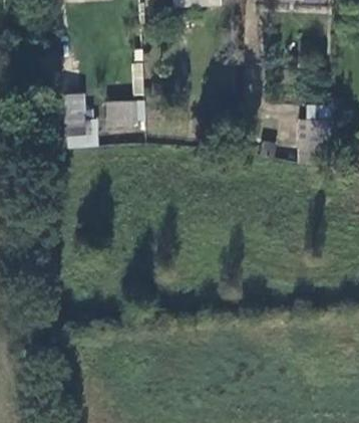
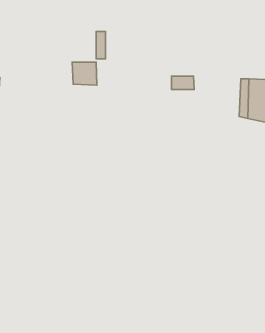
building: [68,94,95,134] -> none

